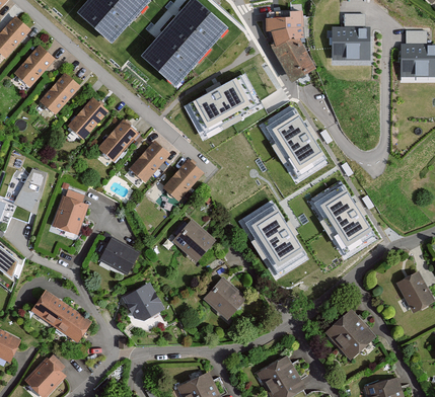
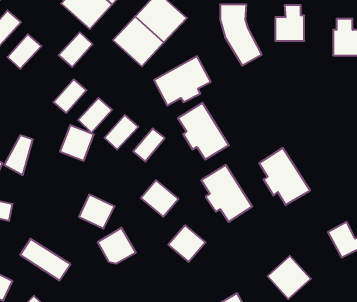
building: [39,74,79,115] -> [59,32,93,67]
building: [266,105,327,173] -> [178,103,229,160]
building: [51,194,91,237] -> [60,125,94,161]

